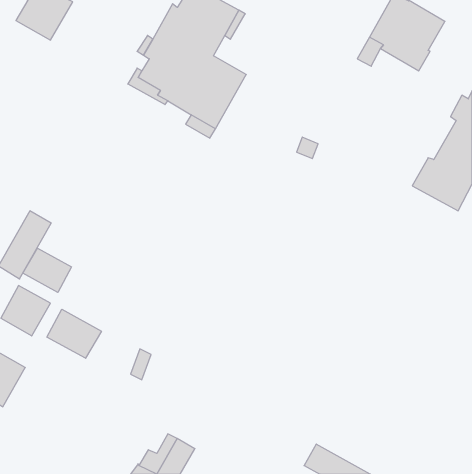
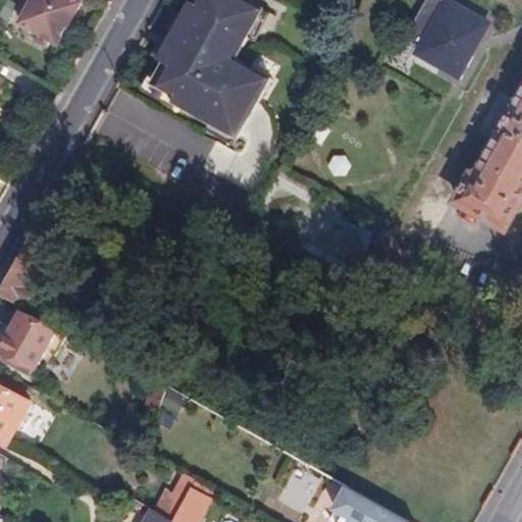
building: [23,248,71,292] -> none
building: [47,309,101,358] -> none

